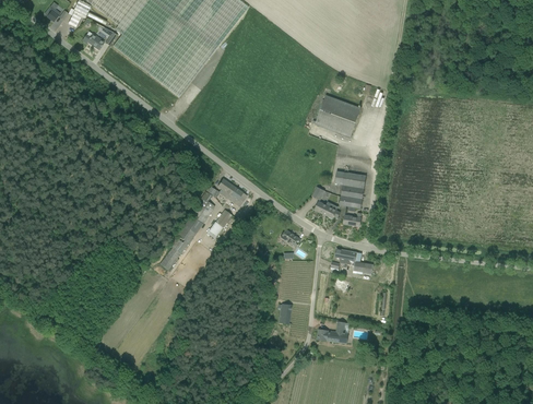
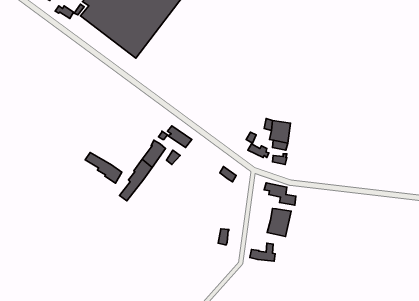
building: [312,94,362,136] -> none
building: none -> [85,152,122,183]
building: none -> [267,208,291,236]

